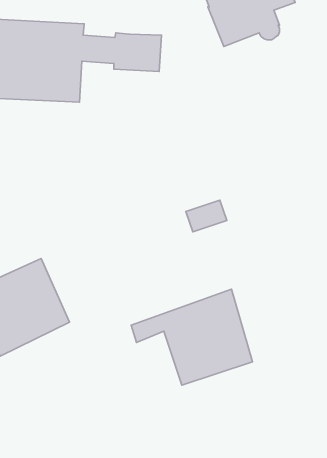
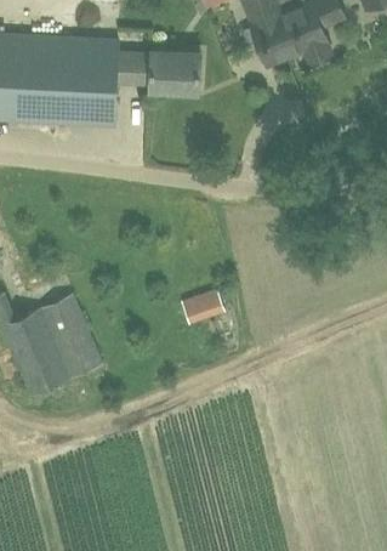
building: [186,200,227,232] -> [180,289,223,323]
building: [131,289,252,385] -> none

